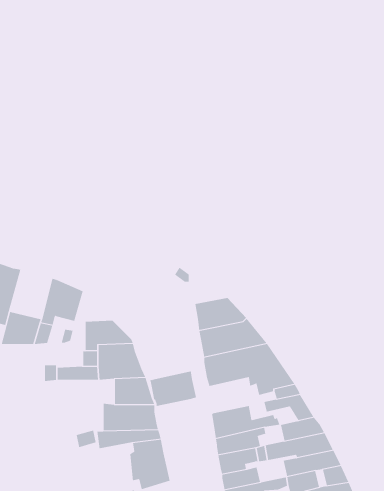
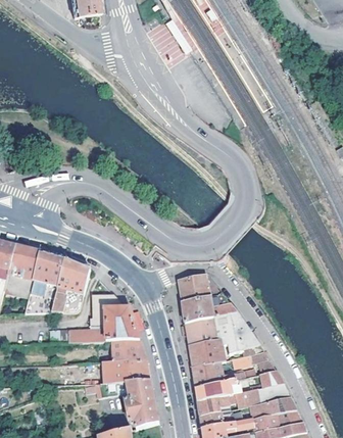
building: none -> [31,252,64,292]
building: [150,371,197,406] -> [188,339,226,368]

